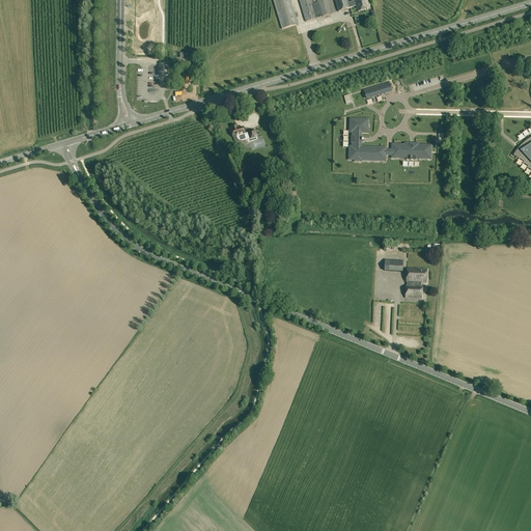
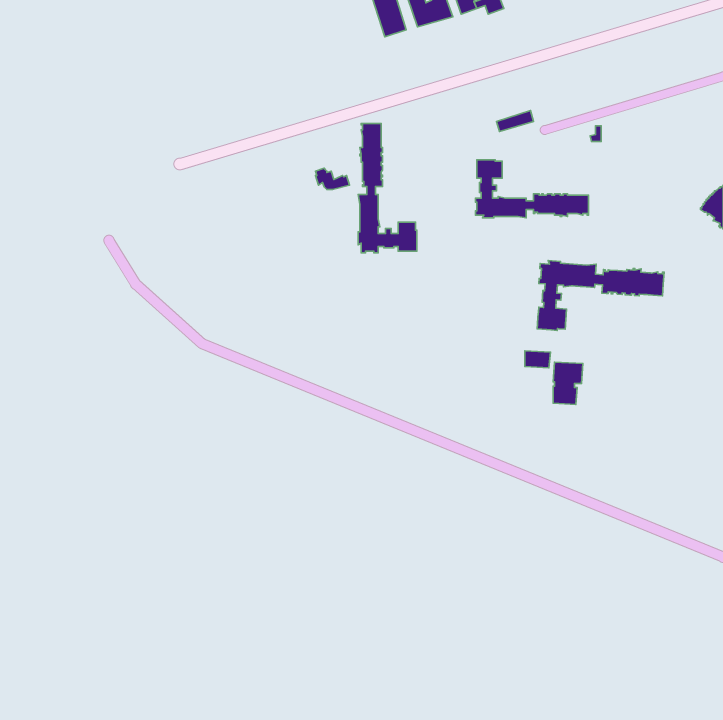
building: none -> [358,123,417,253]
building: none -> [537,261,664,330]

